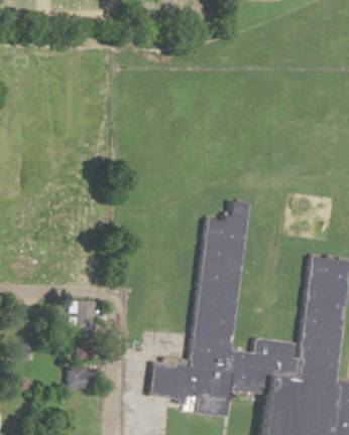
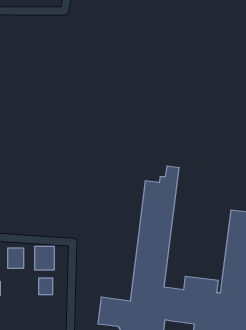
building: none -> [8,248,23,268]
building: [69,368,94,389] -> none

